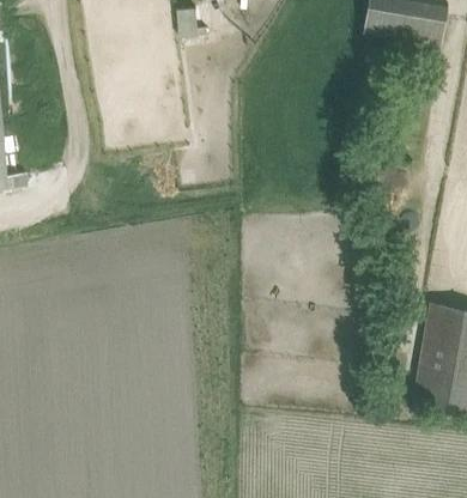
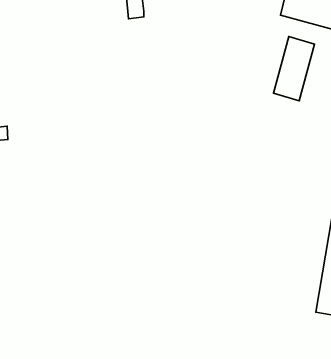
building: none -> [274,37,315,101]

